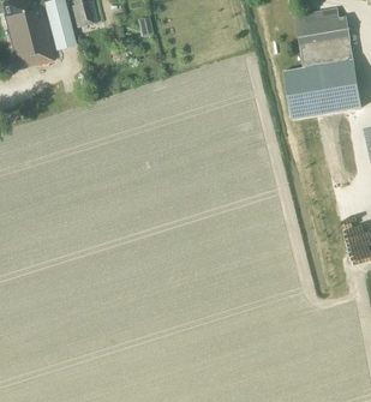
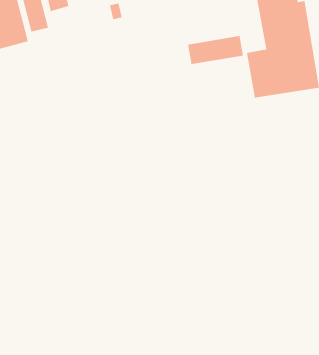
building: none -> [188,35,244,65]

